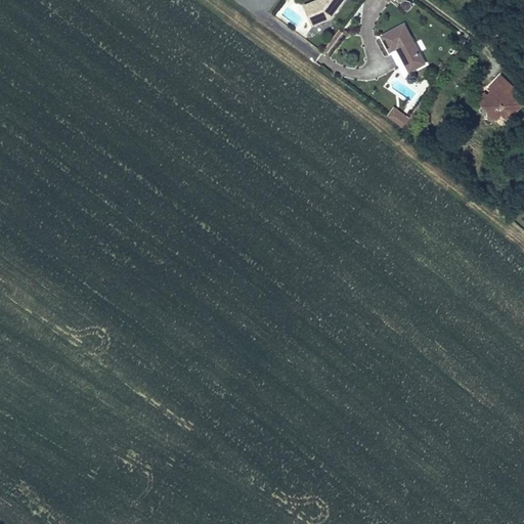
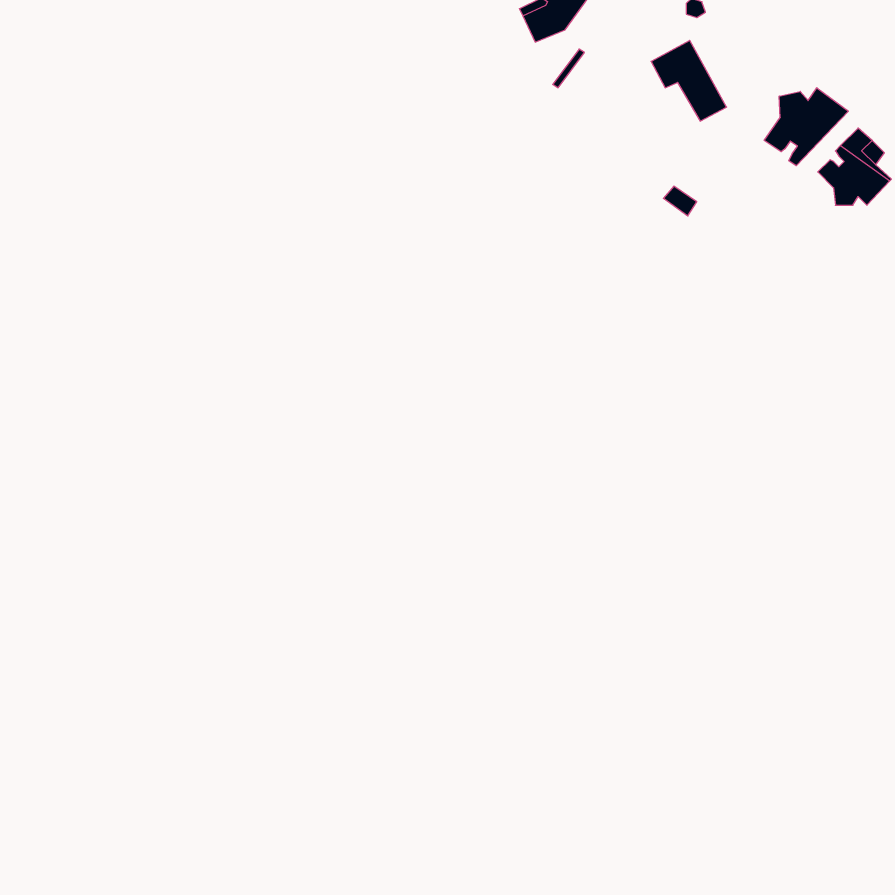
building: none -> [764,88,848,166]

